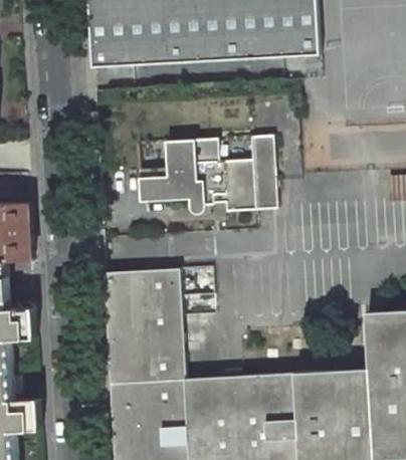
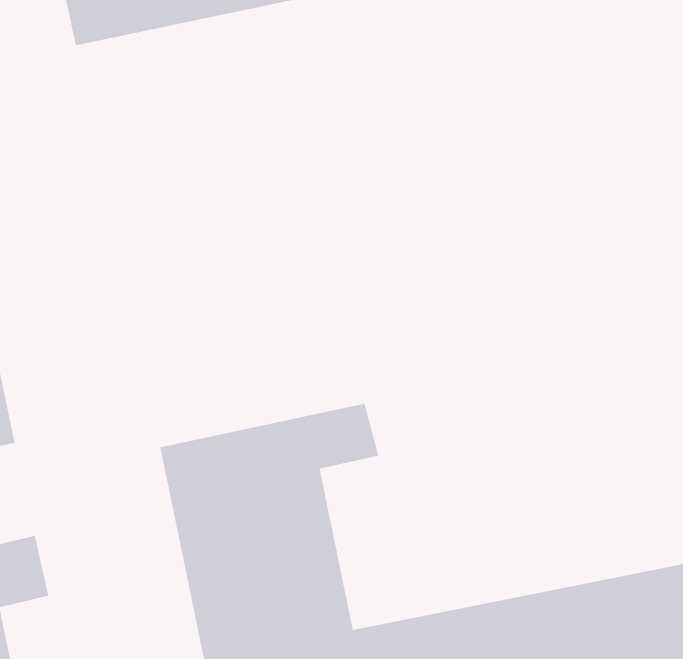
building: [138,135,275,210] -> none

